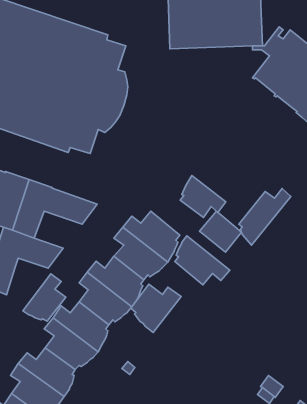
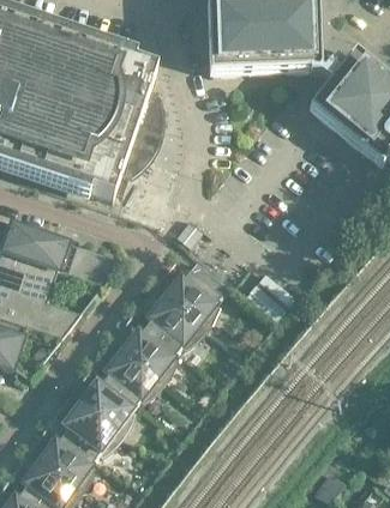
building: [180,176,226,218] -> none
building: [239,188,291,245] -> none
building: [175,236,230,285] -> none
building: [23,274,66,321] -> none
building: [131,284,181,332] -> none

